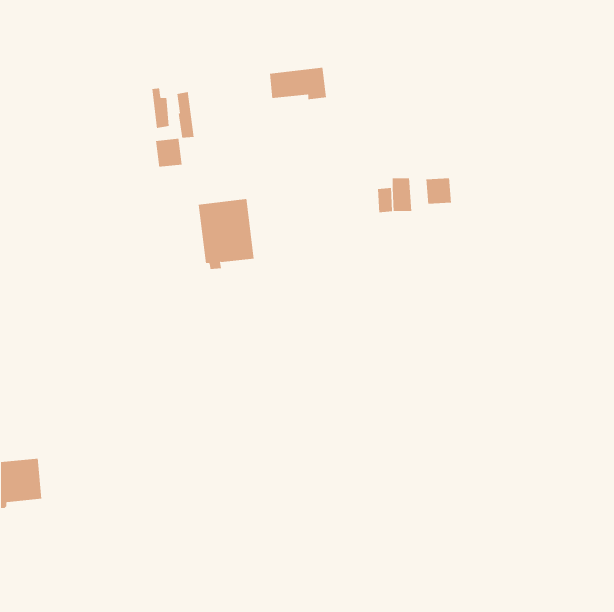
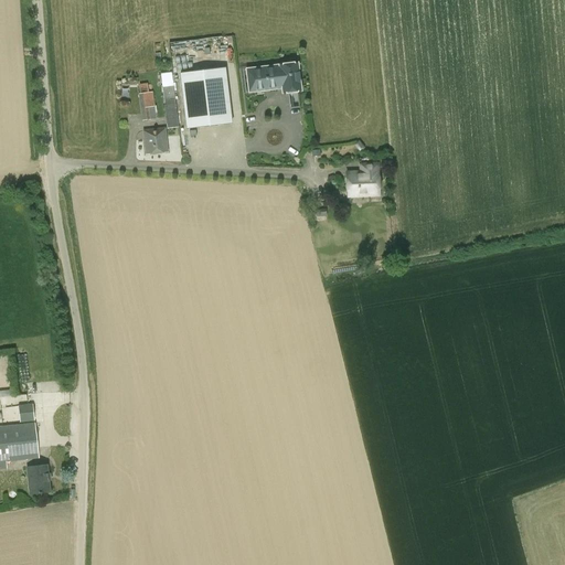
building: [426,178,452,204] -> none
building: [198,199,254,270] -> [180,67,232,132]
building: none -> [28,465,50,492]

